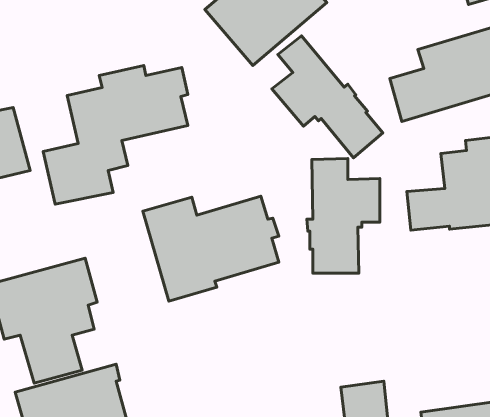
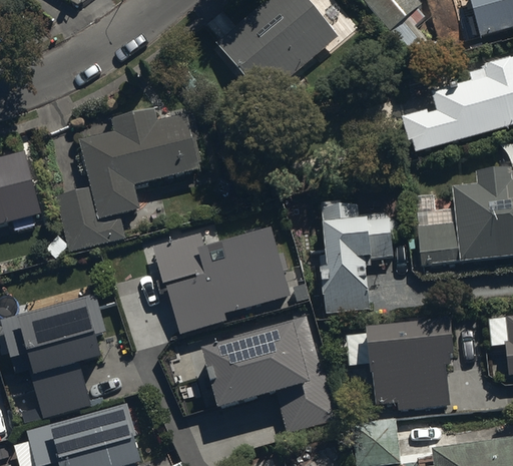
building: [272,36,383,158] -> none
building: none -> [366,311,452,403]
building: none -> [204,317,341,434]

